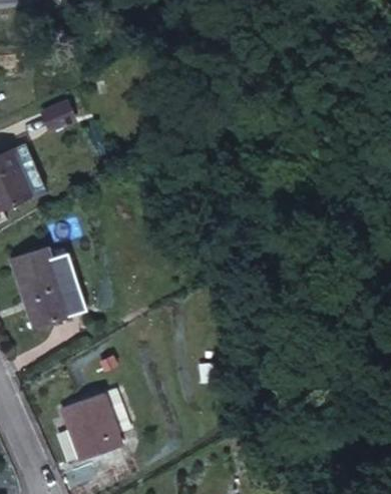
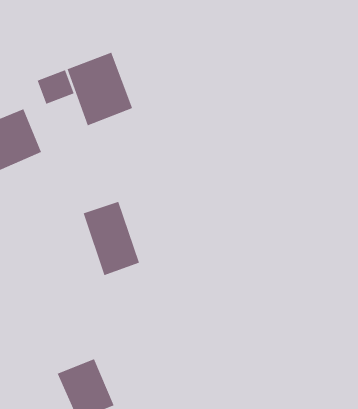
building: none -> [67,52,133,126]
building: [14,251,71,326] -> [83,201,140,276]

